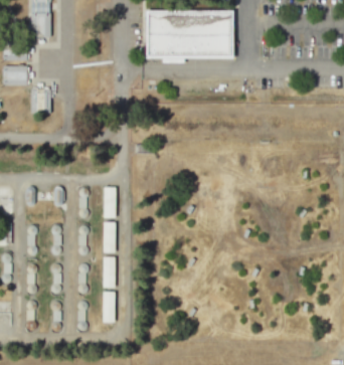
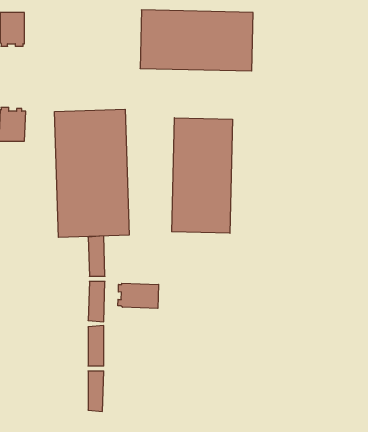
building: none -> [55,109,129,237]
building: none -> [172,118,232,233]
building: none -> [118,283,159,308]

